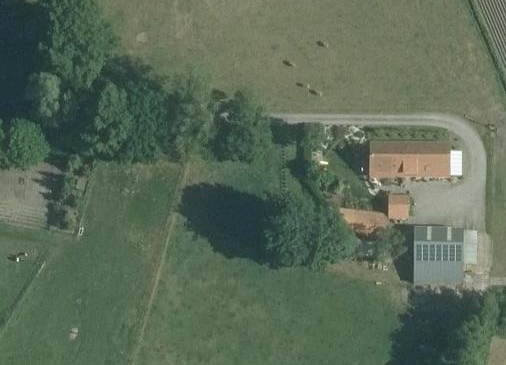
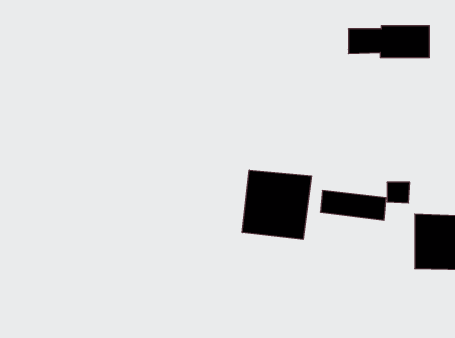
building: [370,143,449,174] -> [348,26,429,58]
building: none -> [242,170,311,239]

